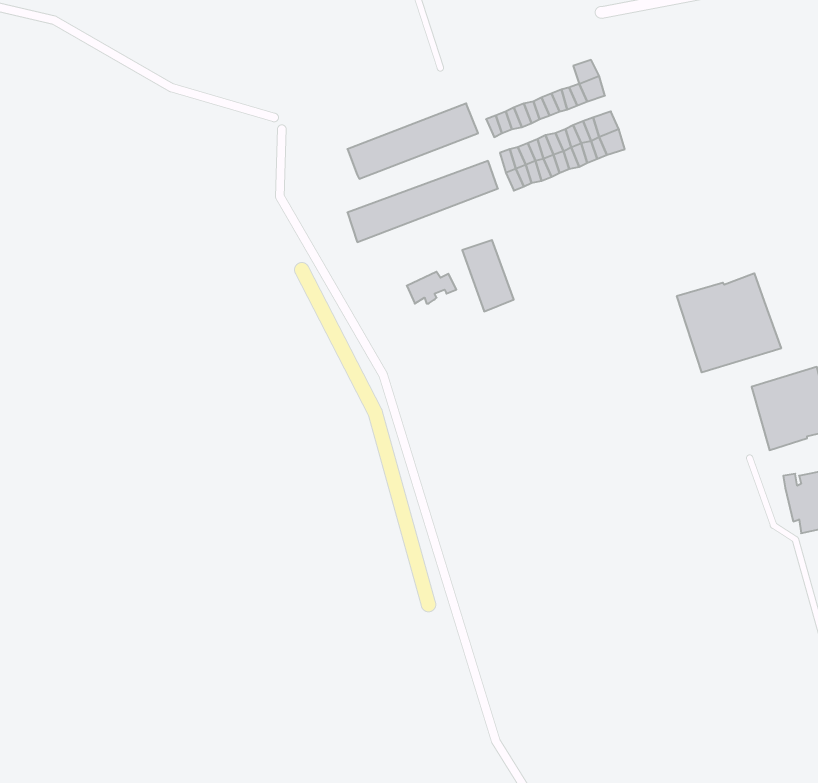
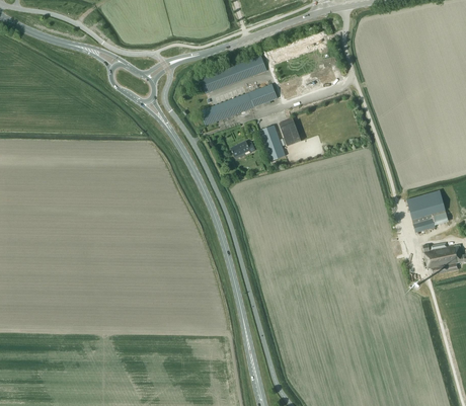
building: none -> [279,117,301,146]
building: [677,273,781,372] -> none

